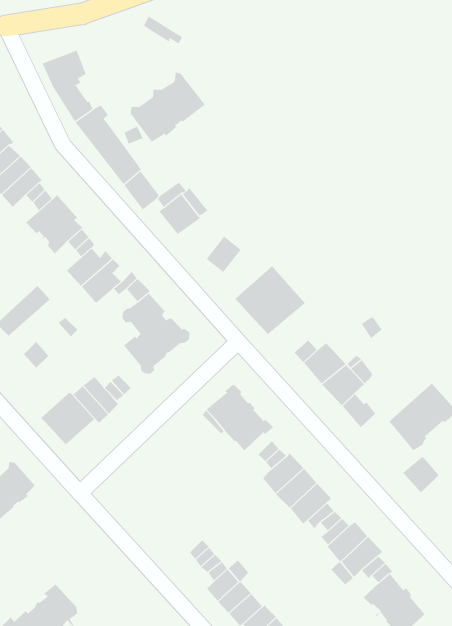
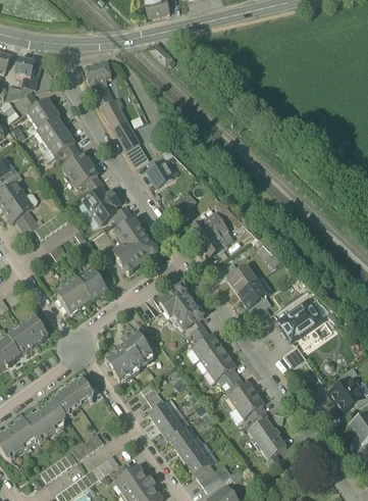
building: [130,72,205,143] -> none
building: none -> [104,330,152,380]
building: none -> [52,377,93,415]

